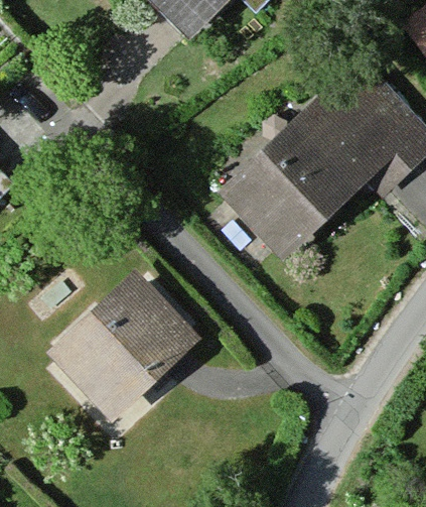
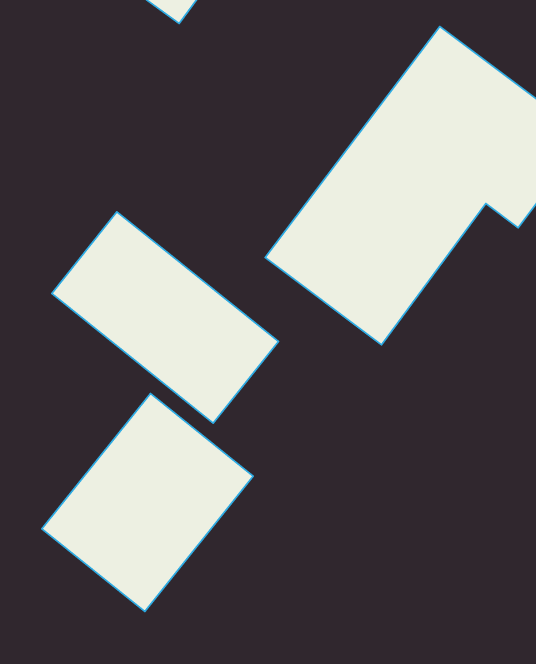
building: none -> [52,212,278,423]

